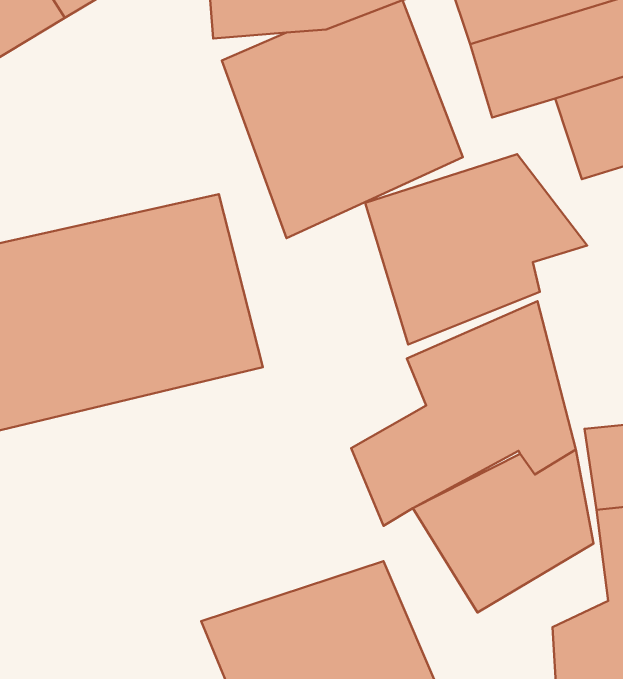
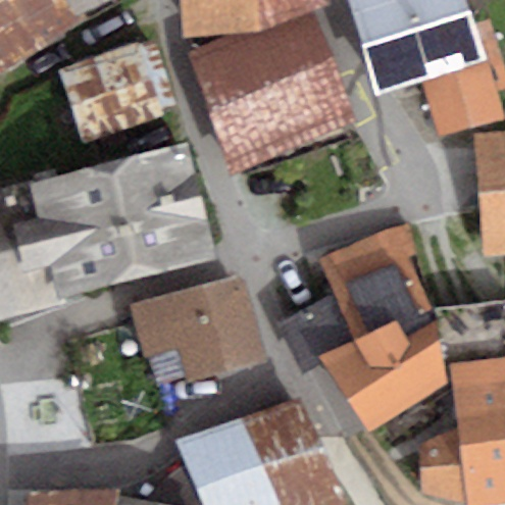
building: none -> [53,36,173,141]
building: [365,154,587,345] -> none
building: none -> [128,275,267,388]

